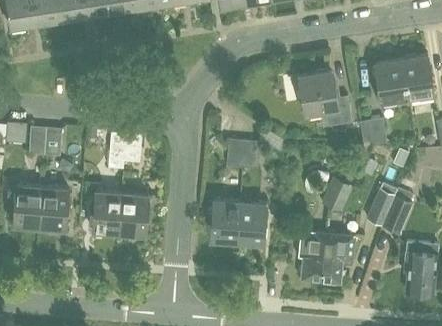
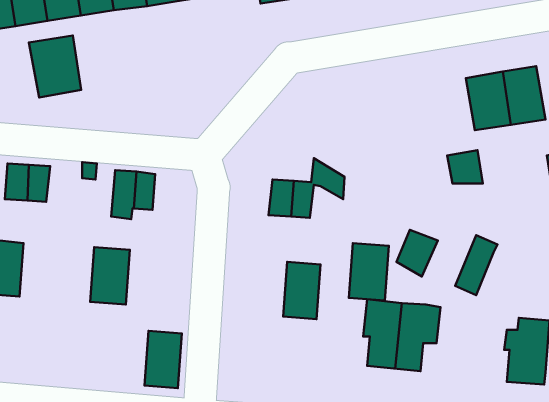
building: none -> [29,36,81,97]
building: [299,70,352,126] -> none
building: [39,187,68,229] -> none
building: [382,188,413,233] -> none
building: [119,192,147,235] -> [144,331,182,388]
building: [210,199,240,242] -> [349,243,389,301]

